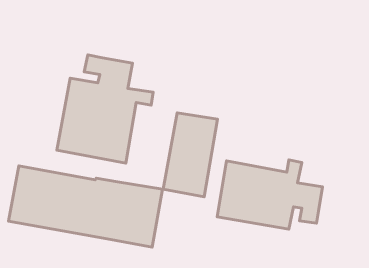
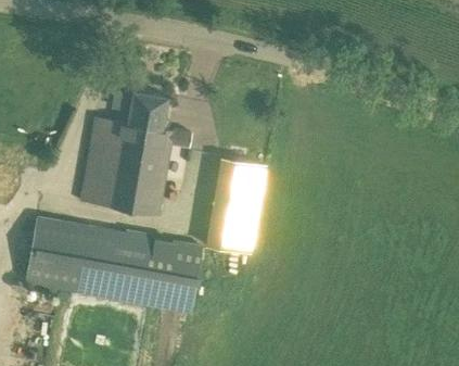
building: [217,160,323,229] -> none

